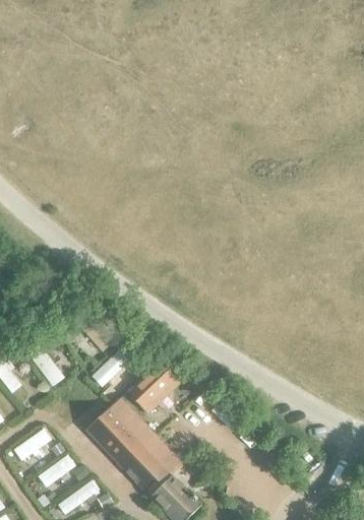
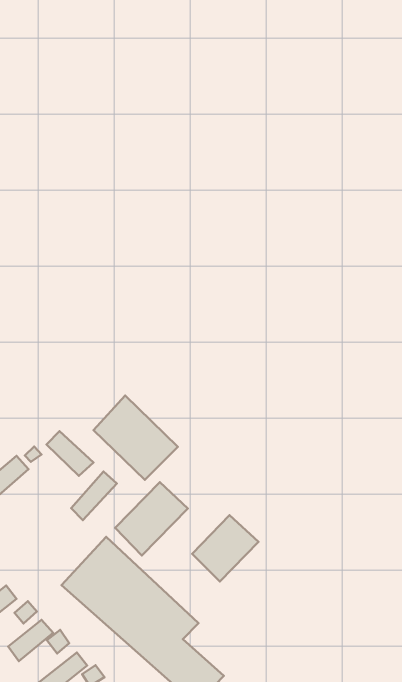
building: none -> [94,396,178,480]
building: none -> [192,515,258,582]

